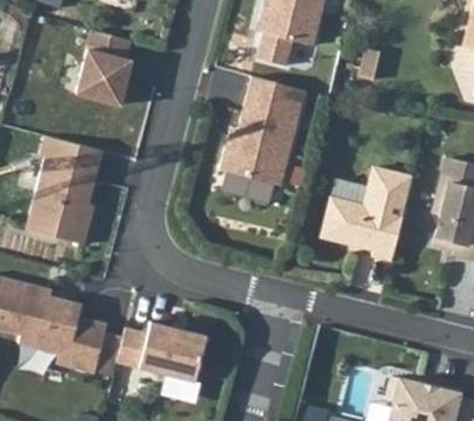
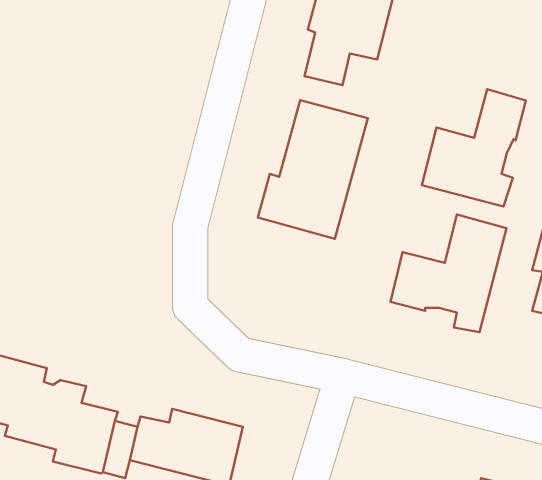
building: [76,30,133,104] -> none
building: none -> [422,89,526,207]
building: [27,136,103,245] -> none

